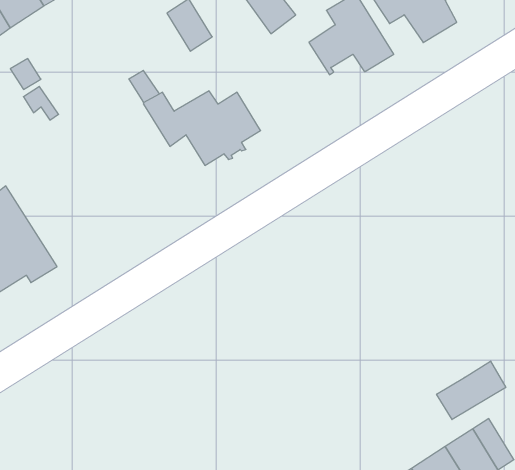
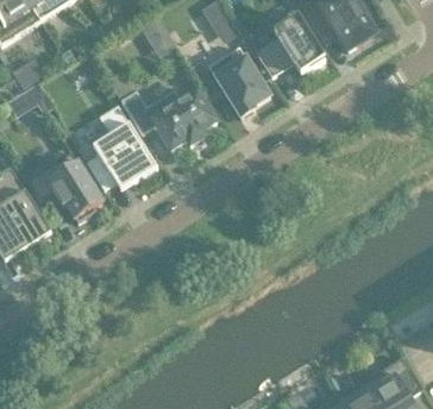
building: none -> [208,46,269,117]
building: none -> [86,105,156,190]
building: none -> [26,151,102,222]
building: [437,361,506,420] -> none

